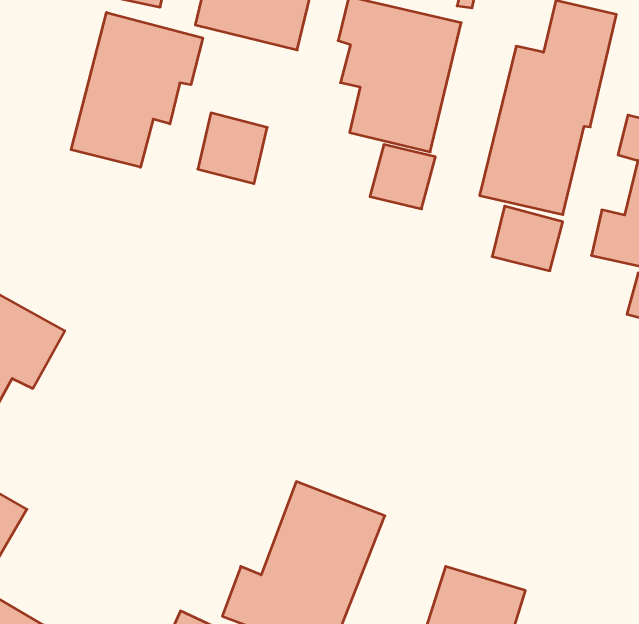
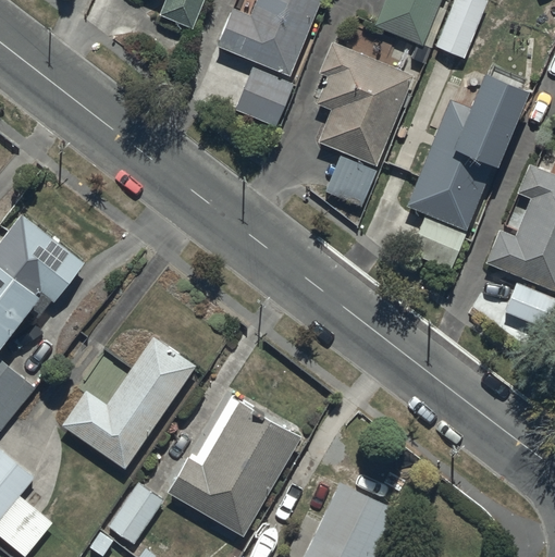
building: [71,12,203,167] -> none
building: [198,113,267,184] -> [236,67,293,125]
building: none -> [61,334,195,466]

